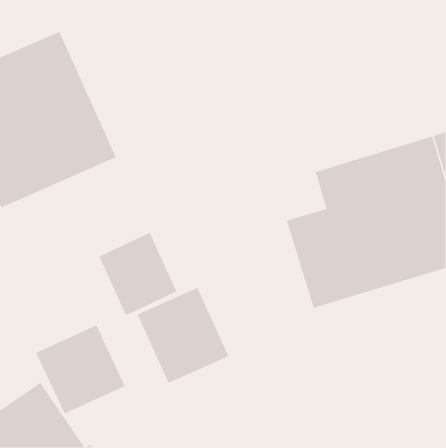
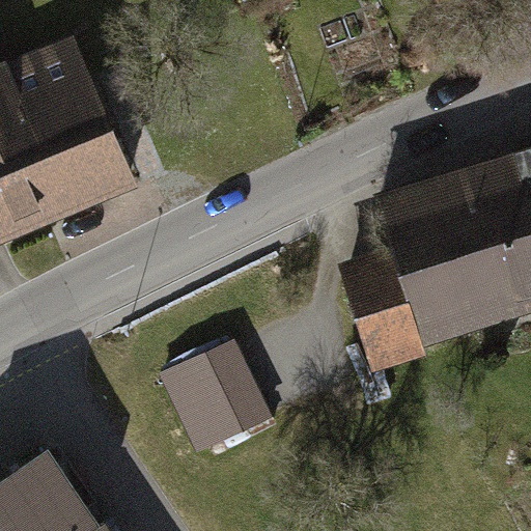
building: [98,232,177,316] -> none
building: [35,324,126,415] -> none

